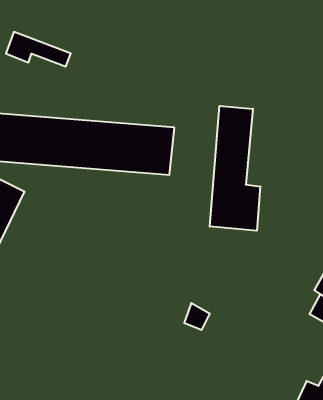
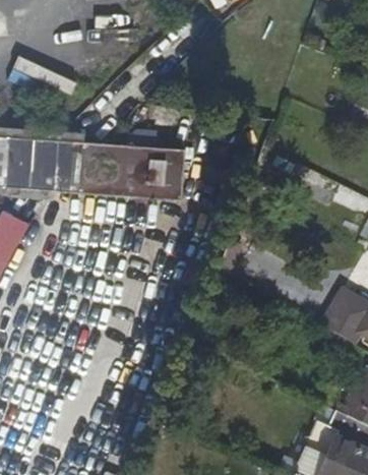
building: [210,106,260,231] -> none

